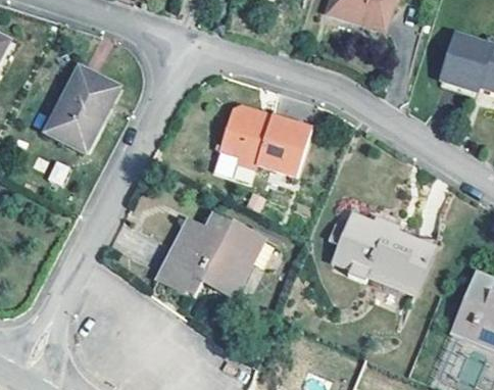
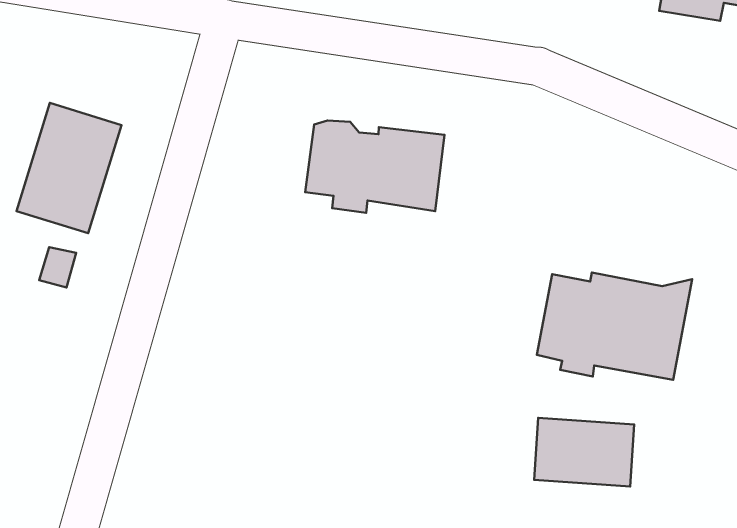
building: [157,218,257,301] -> none
building: none -> [534,418,634,486]

